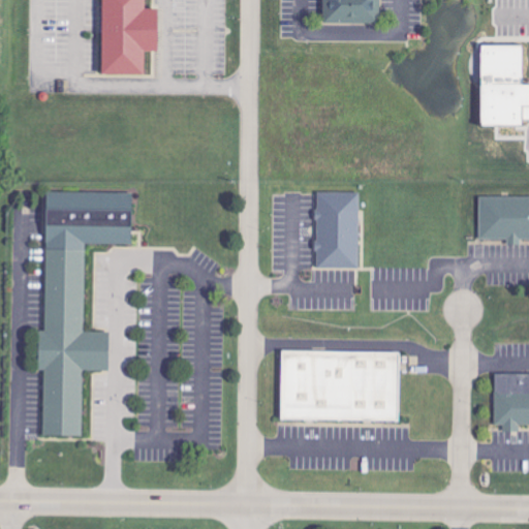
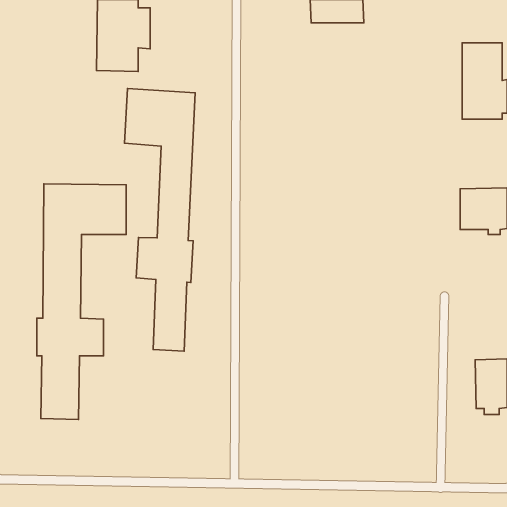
building: none -> [124,88,195,351]
building: [315,191,360,268] -> none
building: [280,350,400,421] -> none

